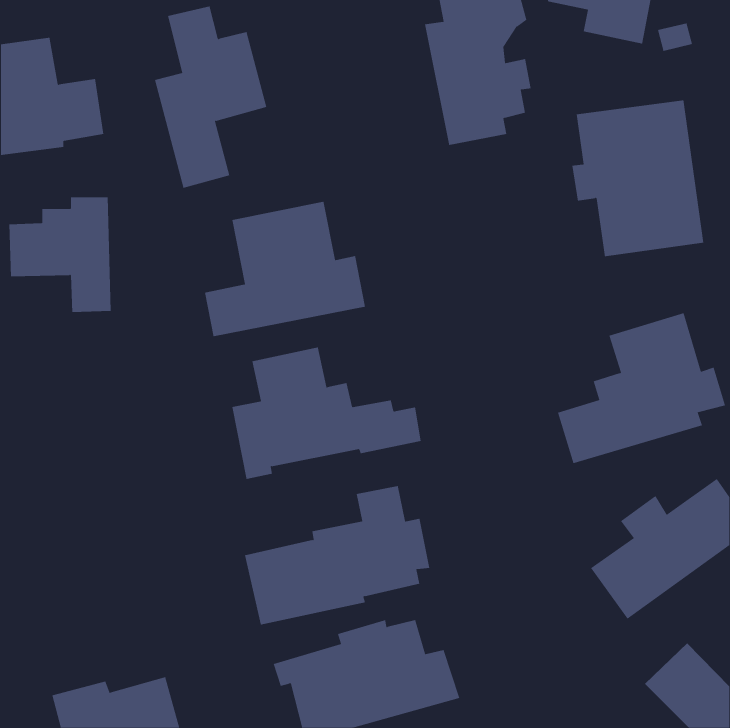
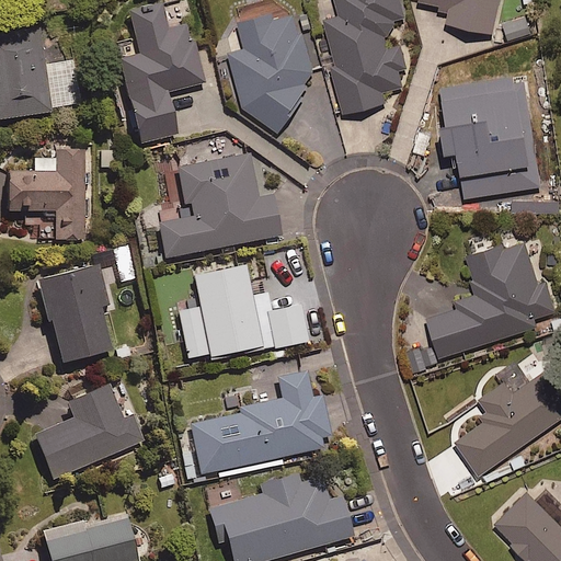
building: none -> [220,7,314,133]
building: none -> [37,266,112,366]
building: none -> [32,388,142,491]

